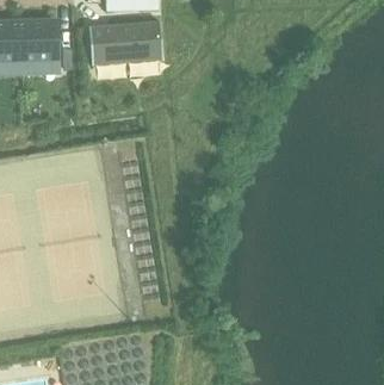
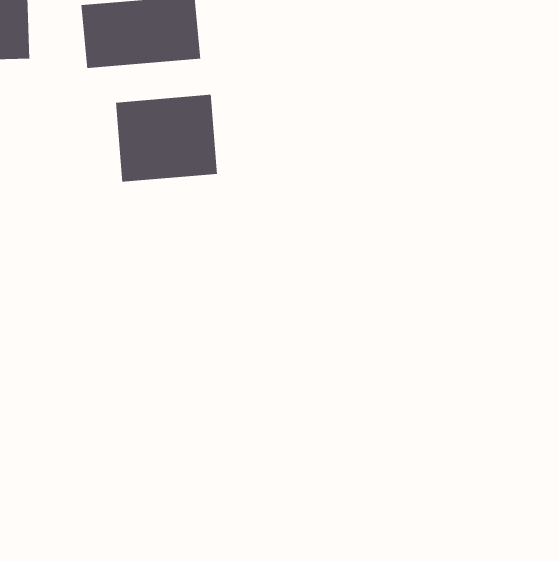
building: none -> [115,94,218,183]

